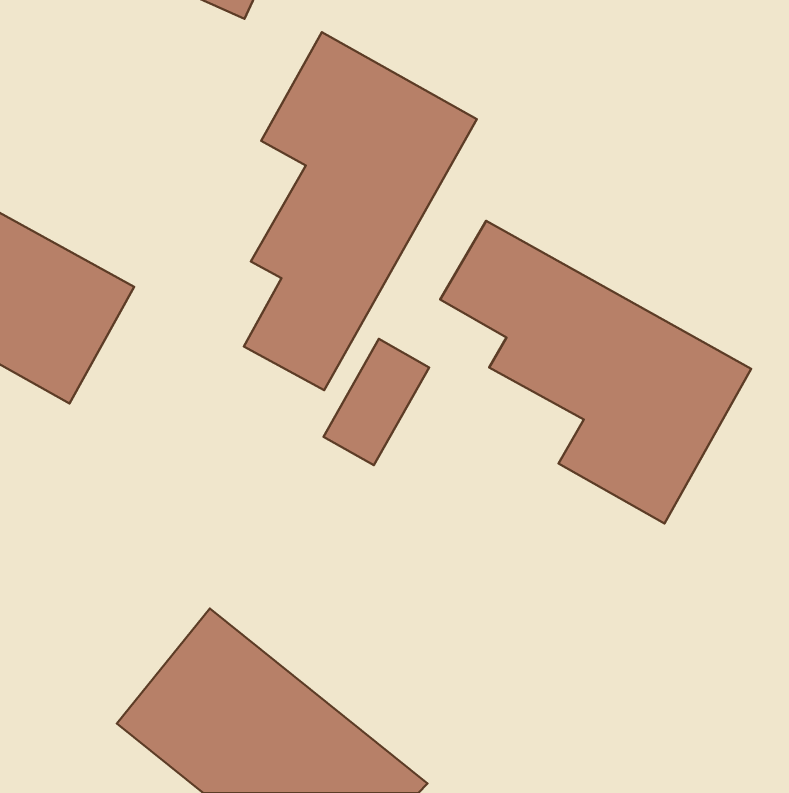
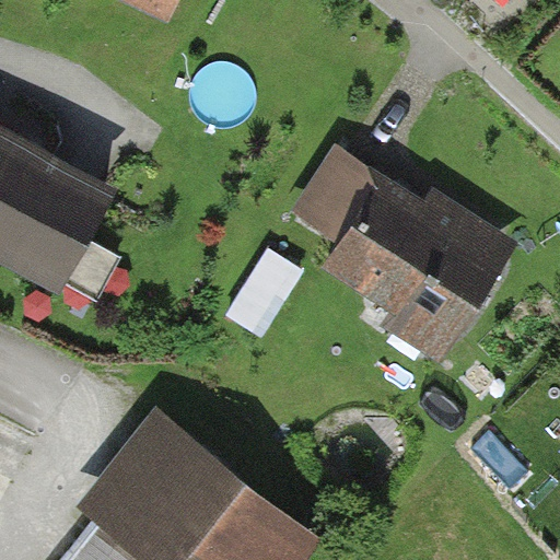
building: [244,32,477,390] -> none

